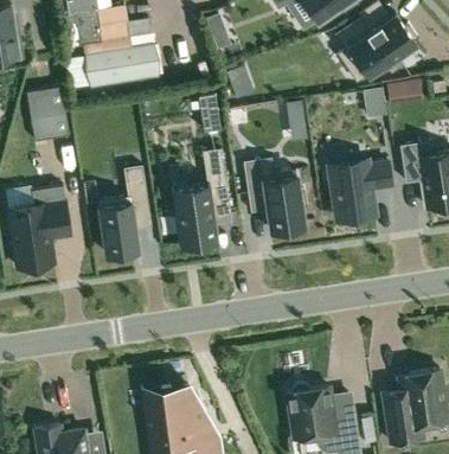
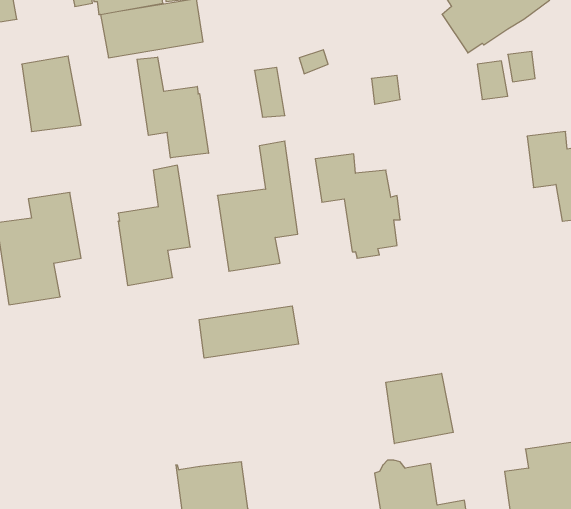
building: none -> [137,57,209,158]
building: [333,161,392,220] -> none
building: none -> [199,306,299,358]
building: none -> [386,373,453,444]

